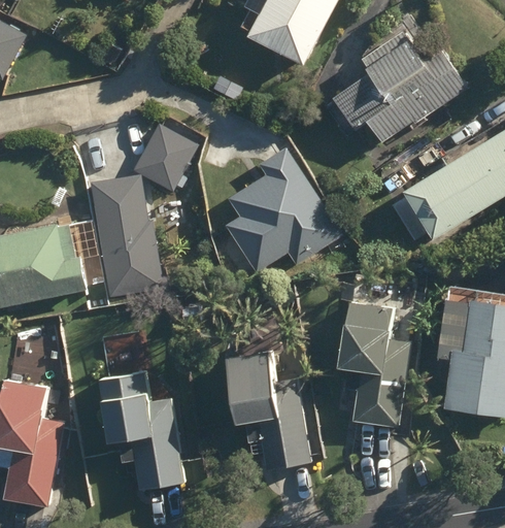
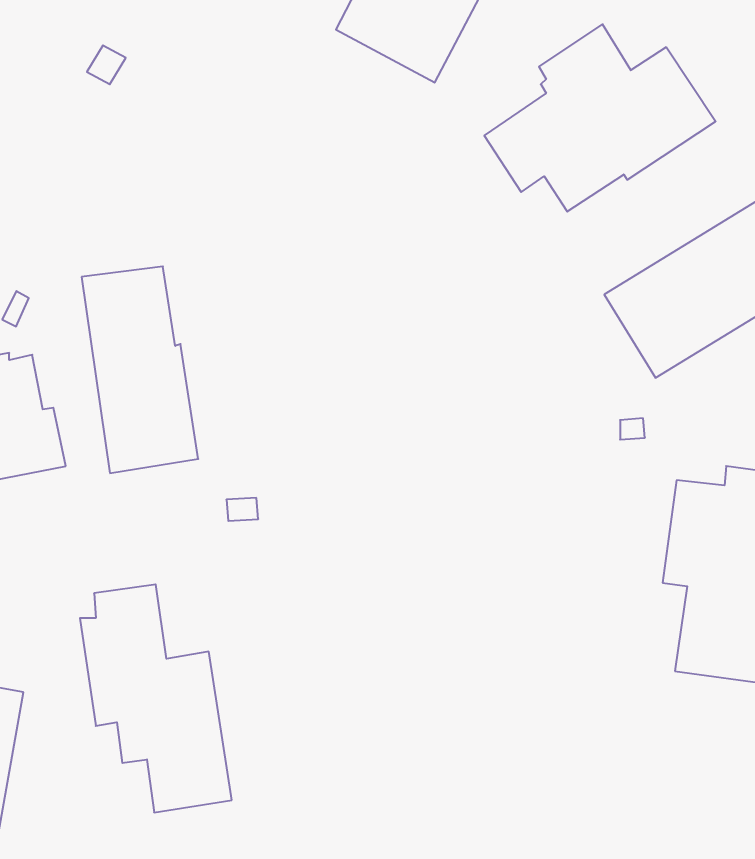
building: [138,122,201,188] -> none
building: [229,146,344,271] -> none
building: [336,302,410,428] -> none
building: [222,340,311,469] -> none

